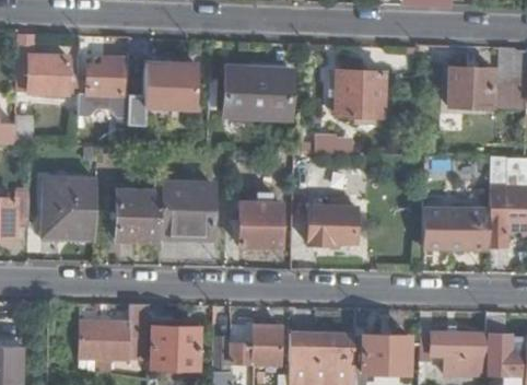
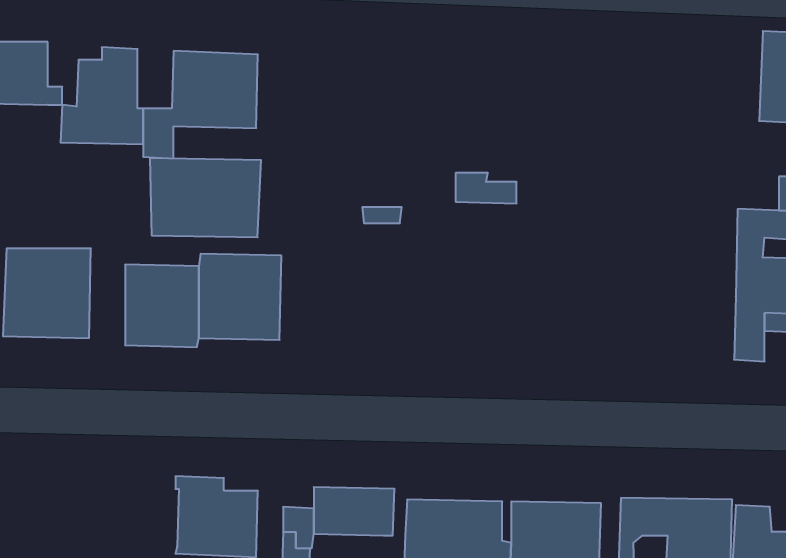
building: [448,67,497,107] -> none
building: [226,68,294,116] -> [150,158,261,237]
building: [336,70,384,116] -> none
building: [238,194,281,246] -> none
building: [308,207,355,245] -> none
building: [422,208,489,248] -> none
building: [77,305,148,361] -> none

